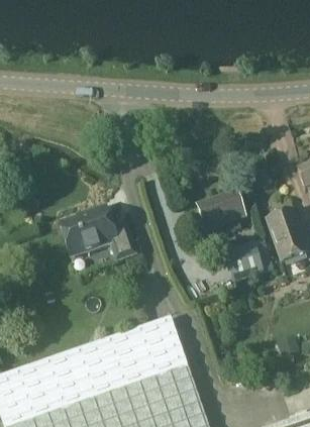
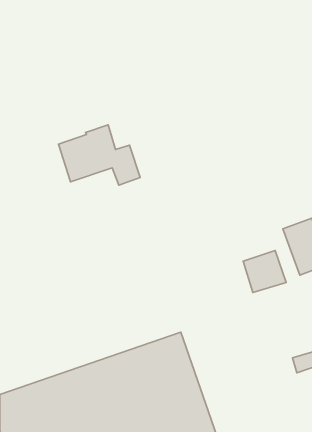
building: [198,191,245,231] -> none
building: [60,206,136,262] -> [59,125,140,185]

